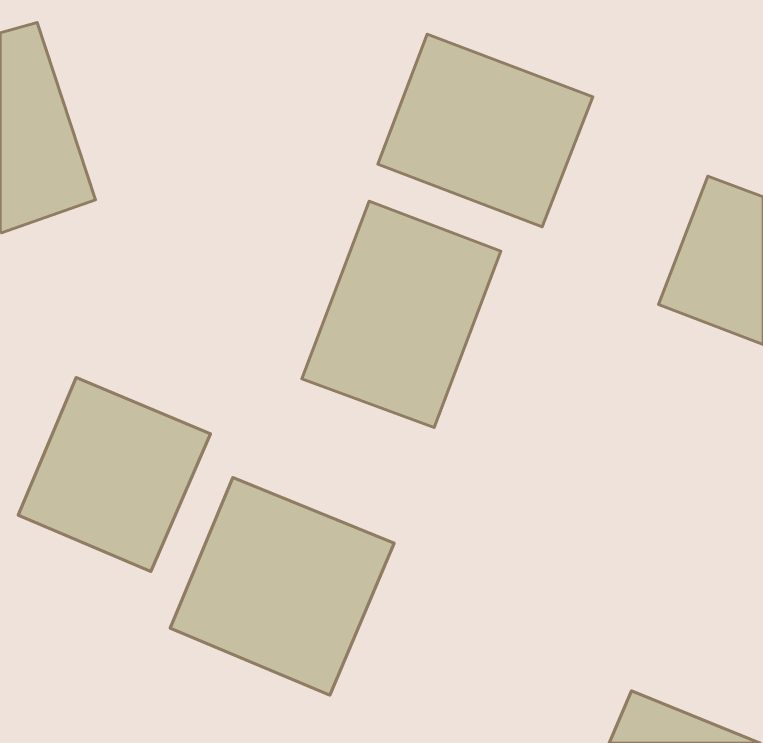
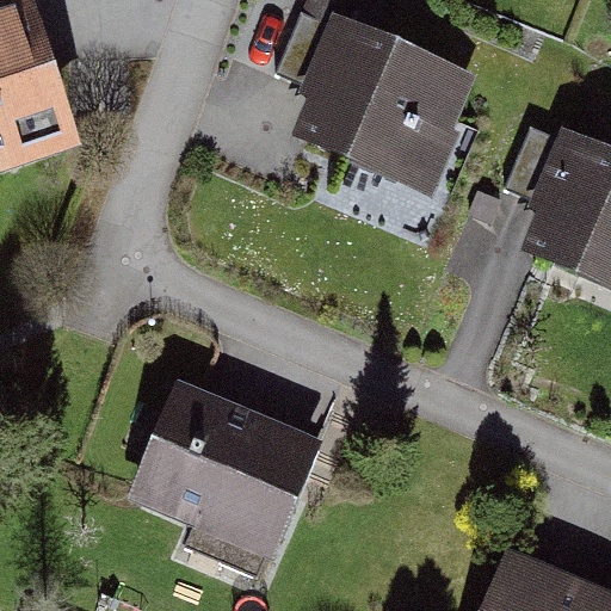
building: [302,201,501,427] -> none
building: [18,378,211,572] -> none

